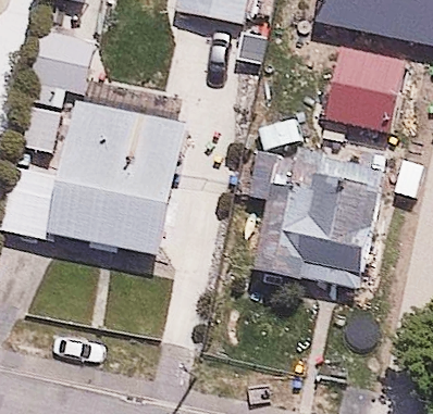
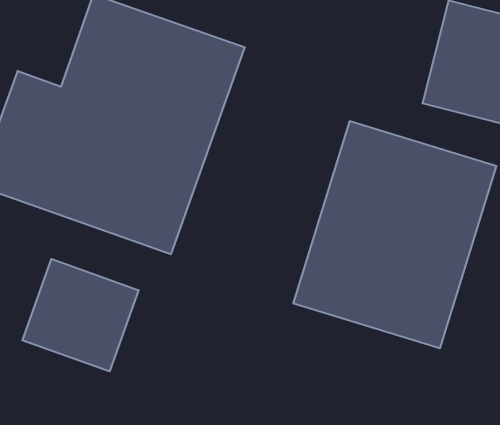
building: none -> [22,259,139,371]

